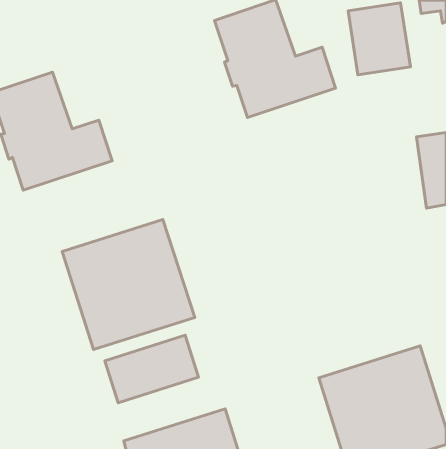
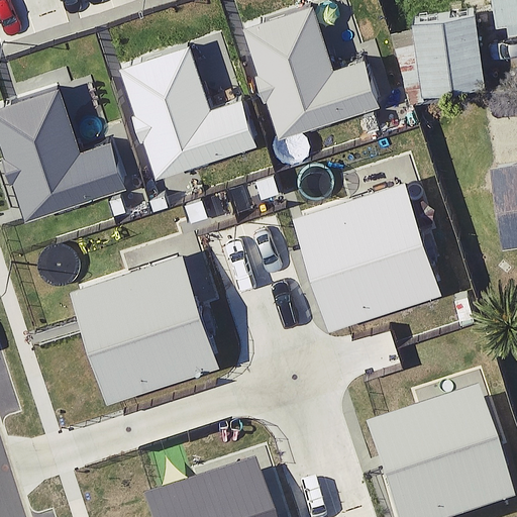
building: none -> [120,45,257,179]
building: none -> [291,183,441,330]
building: [105,335,198,403] -> none

